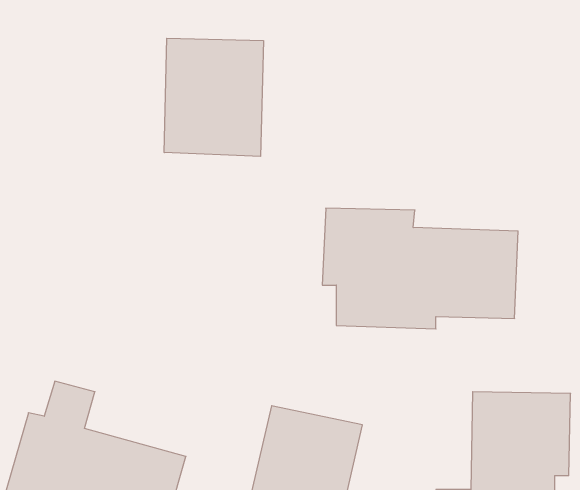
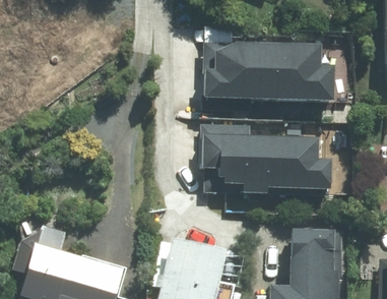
building: [164,38,263,156] -> none
building: none -> [201,43,334,109]

